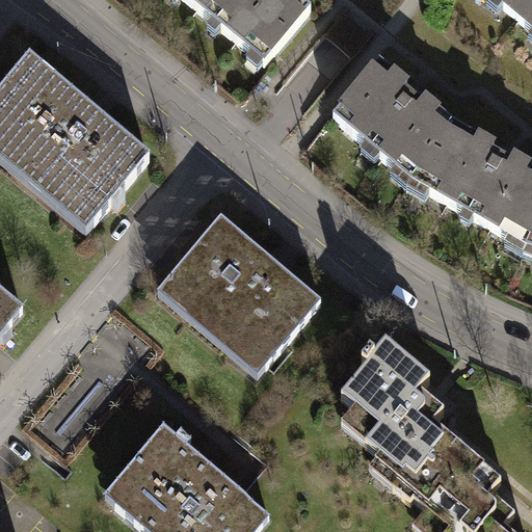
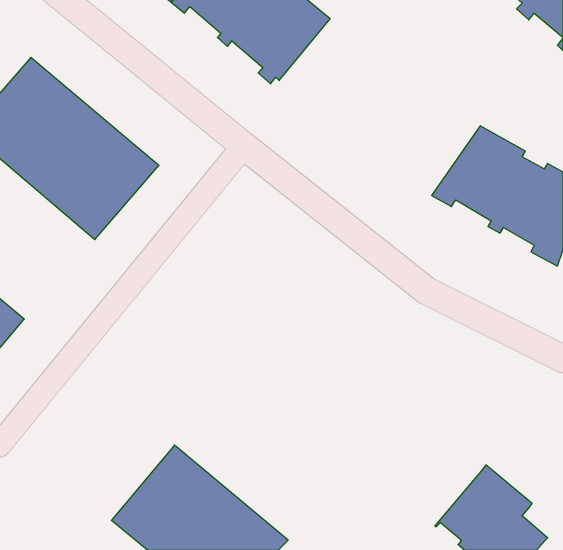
building: [334,57,452,184] -> none
building: [159,216,320,372] -> none
building: [341,337,457,495] -> none

